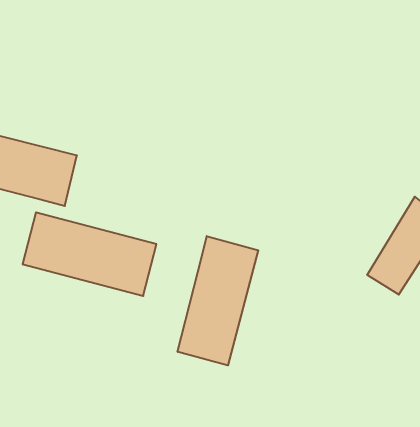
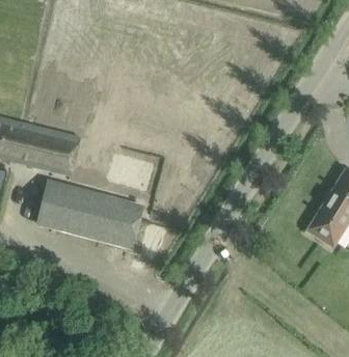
building: [178,236,258,365] -> none

